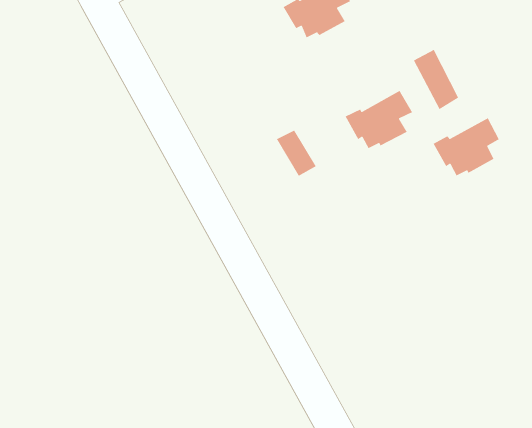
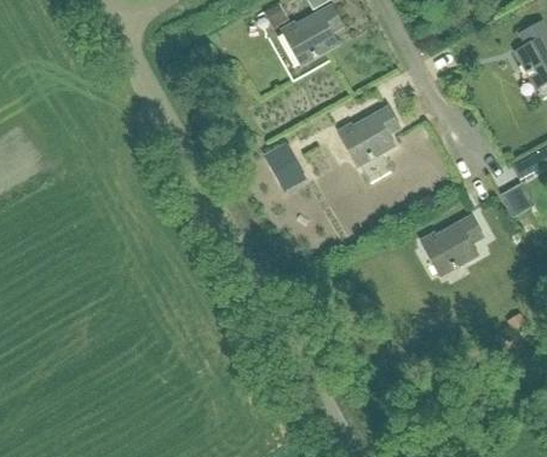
building: [413,49,459,110] -> none
building: [433,117,500,176] -> [419,216,480,270]

